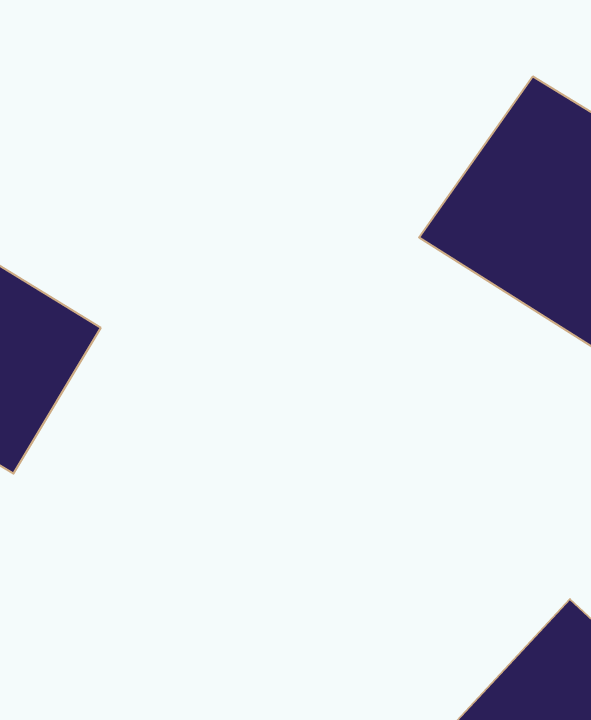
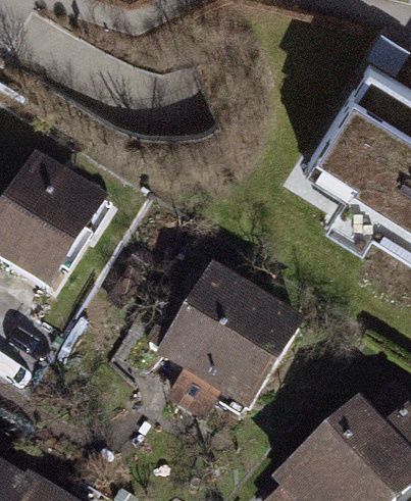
building: none -> [146,273,294,421]

